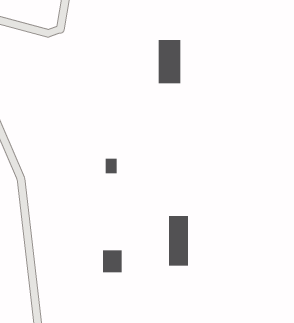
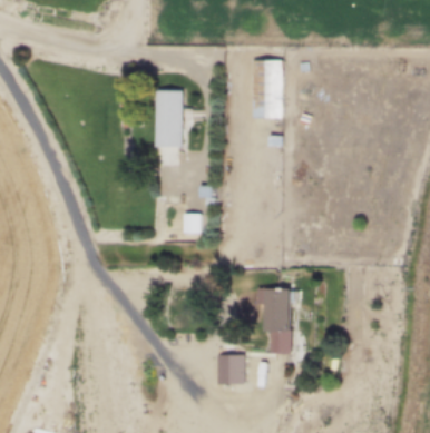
building: none -> [156,90,183,147]
building: [102,250,123,273] -> [217,355,244,385]

